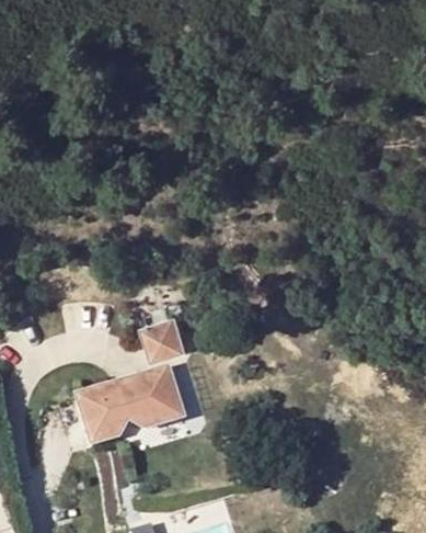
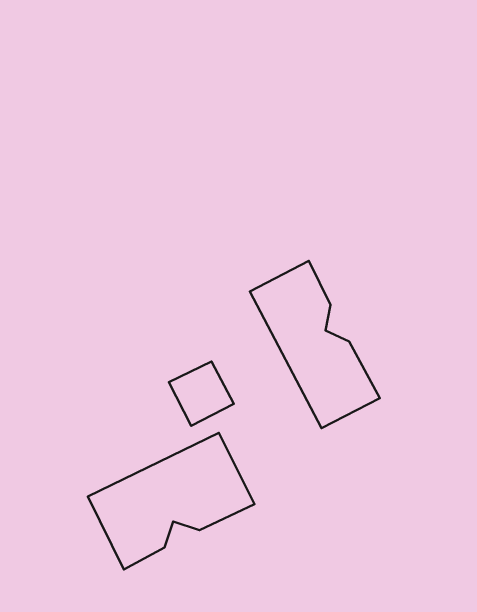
building: none -> [250,261,380,428]

